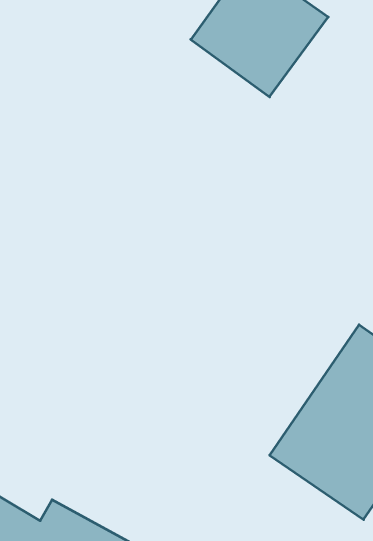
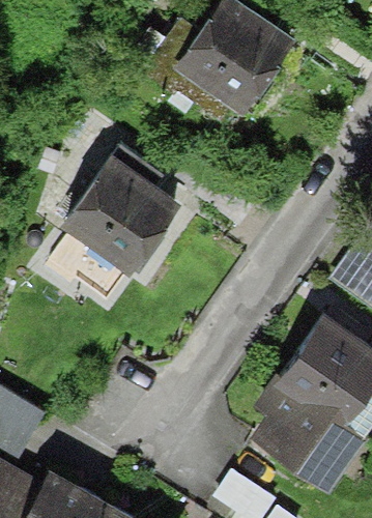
building: none -> [47,153,184,307]

